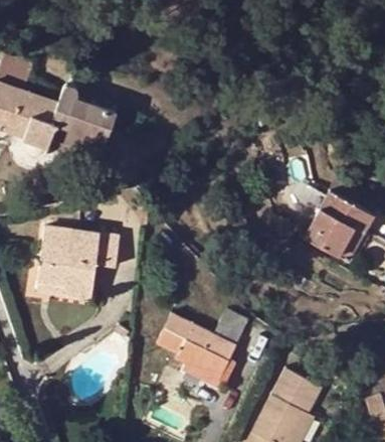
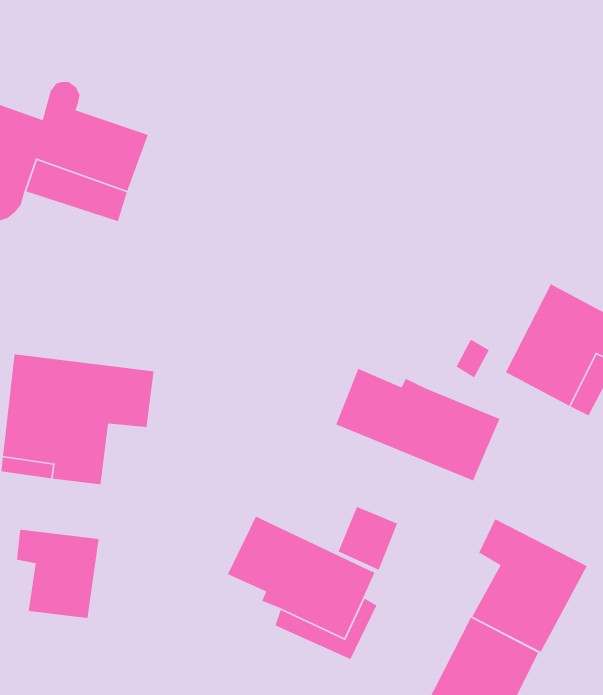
building: none -> [335,368,501,482]
building: none -> [471,518,588,653]
building: none -> [16,529,100,619]

